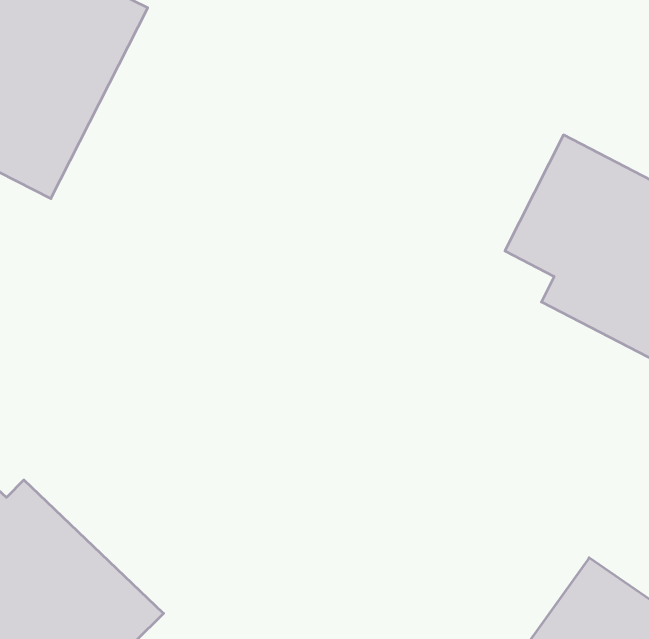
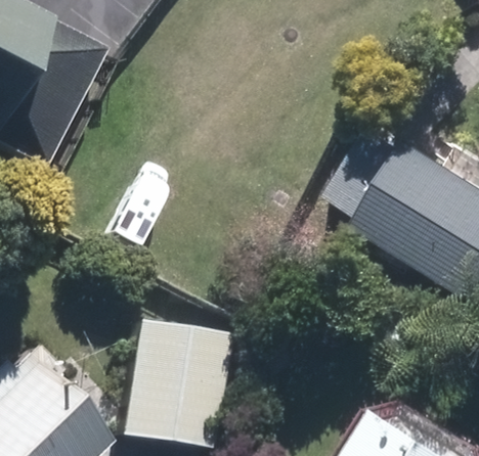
building: none -> [126,319,224,447]

